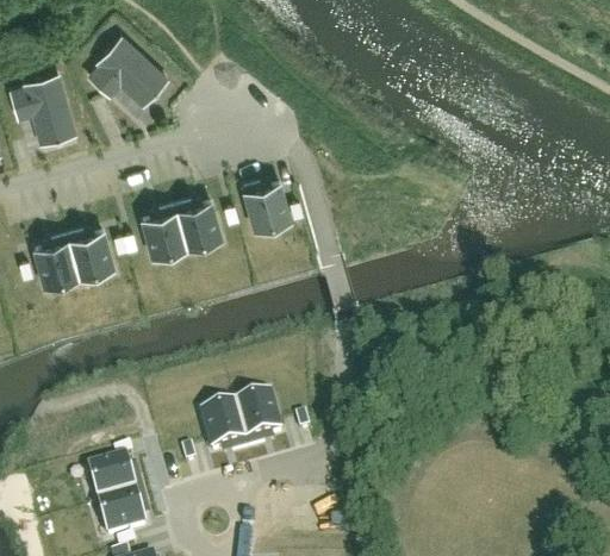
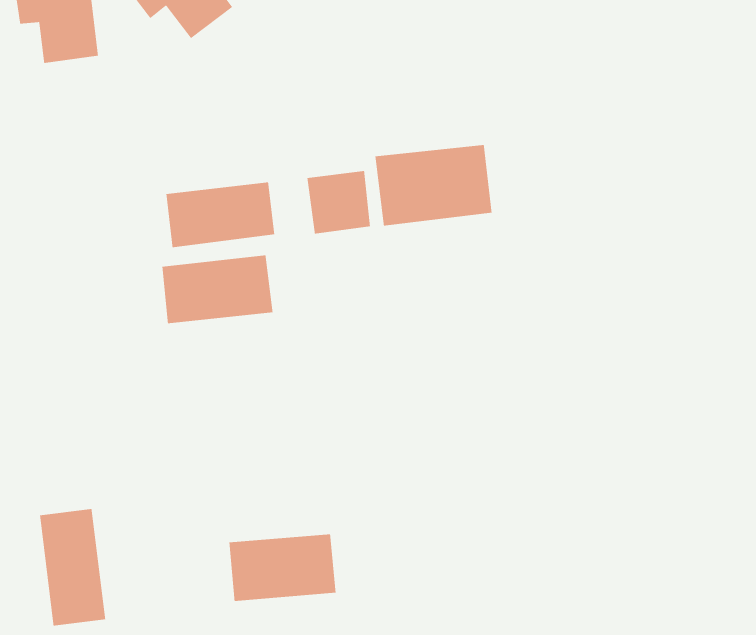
building: none -> [374,144,493,227]
building: [33,232,118,293] -> [161,254,273,324]
building: [201,396,284,456] -> [228,533,336,602]

